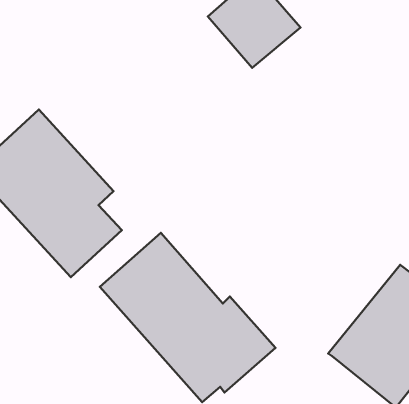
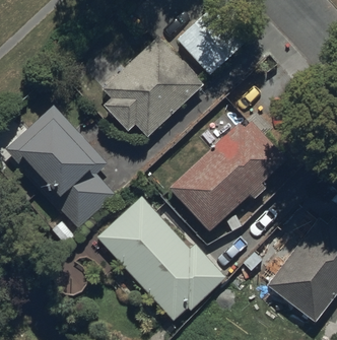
building: none -> [102,37,202,136]
building: none -> [167,121,284,232]

